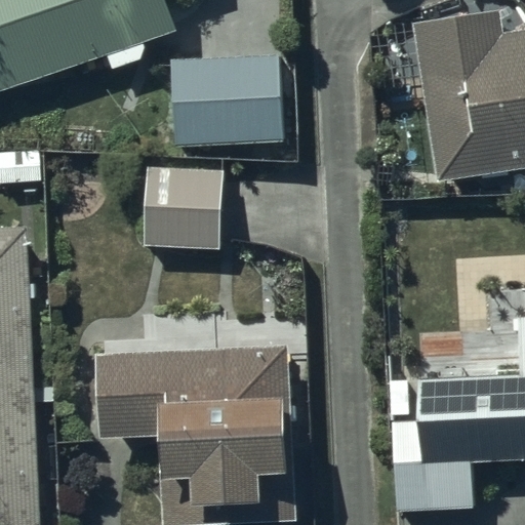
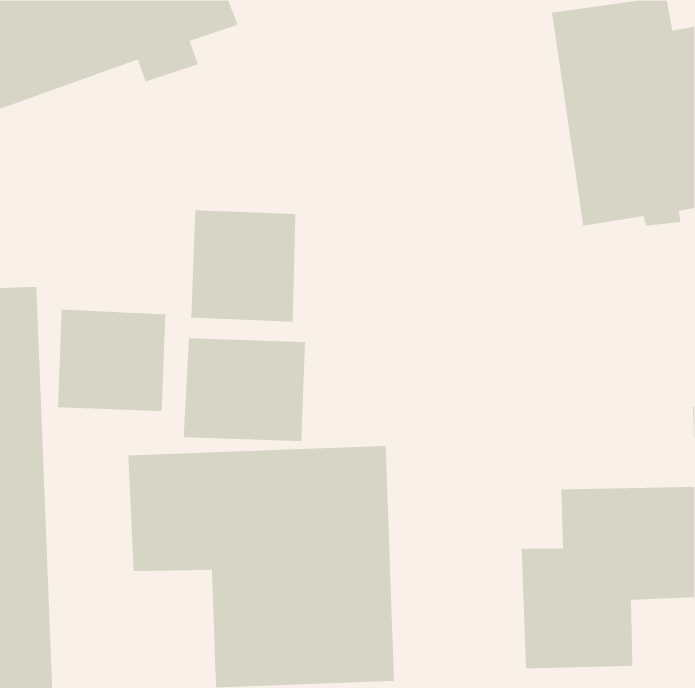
building: [169,55,283,149] -> none
building: none -> [57,309,166,412]
building: none -> [183,337,306,442]

